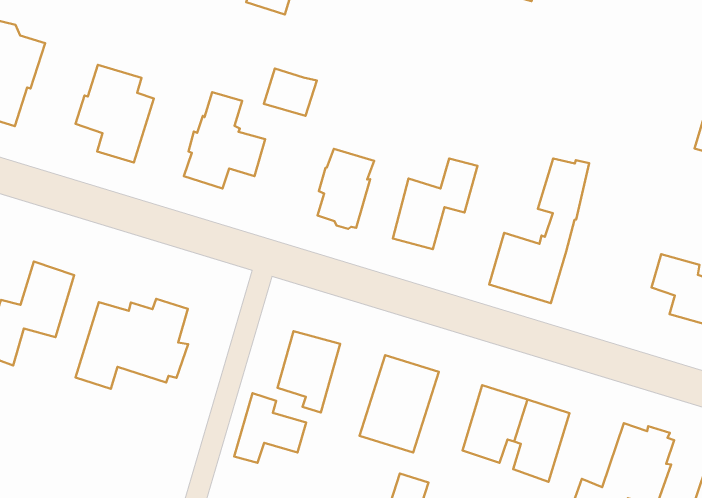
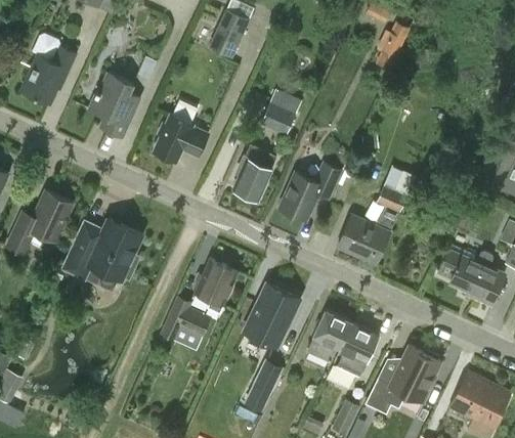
building: [264,69,317,116] -> [260,102,296,135]

